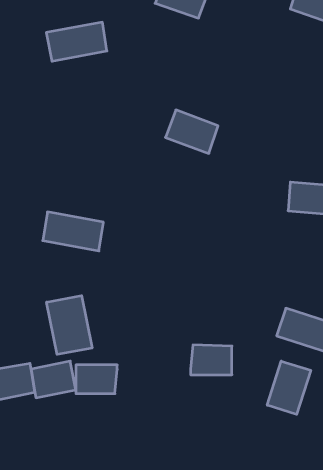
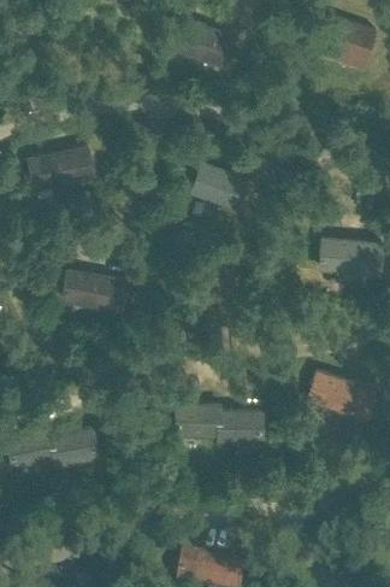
building: [46,22,107,61] -> [29,148,93,189]
building: [47,296,92,354] -> none
building: [267,361,311,414] -> none
building: [76,365,117,394] -> [177,406,220,436]

